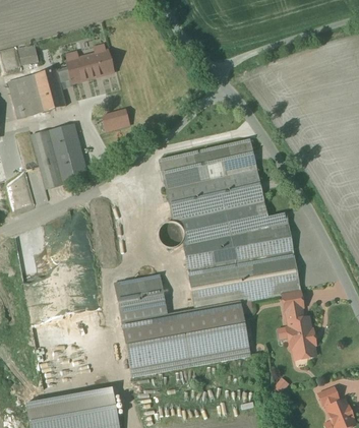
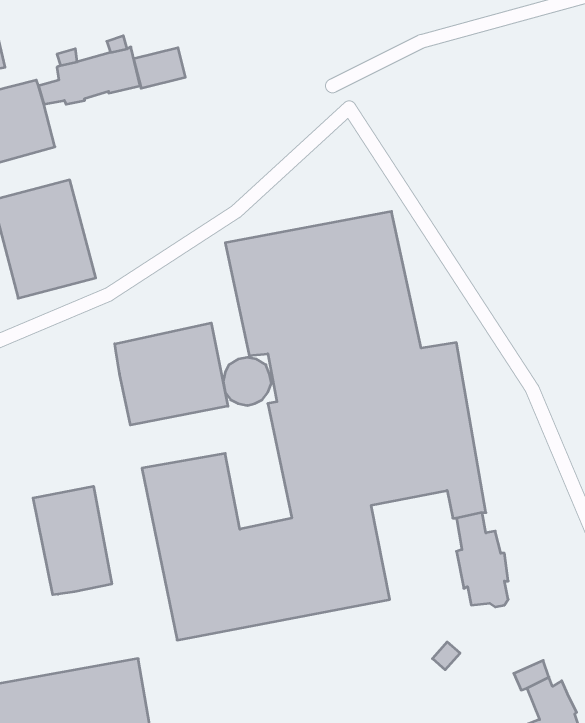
building: [102,108,130,130] -> [134,48,185,88]
building: none -> [115,323,228,425]
building: none -> [33,486,112,595]

